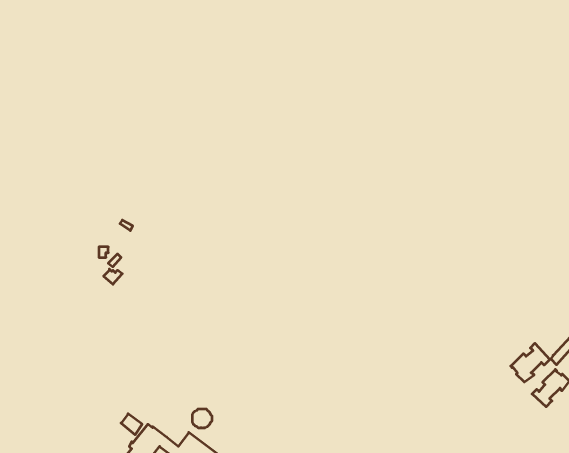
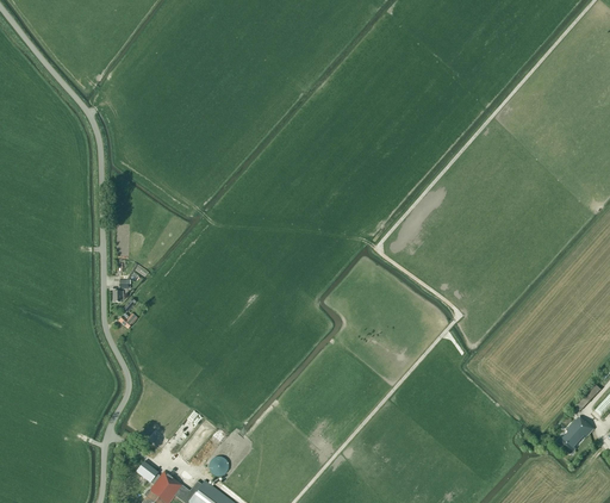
building: [511,343,550,382] -> none

